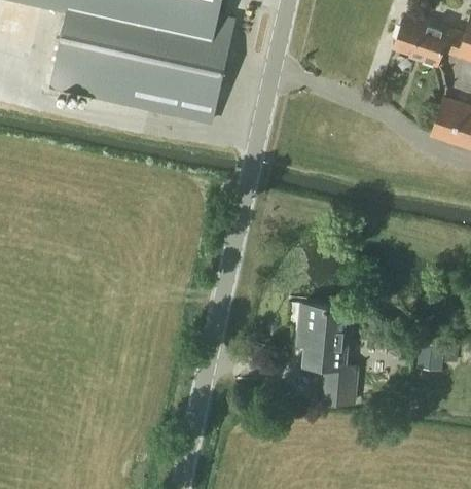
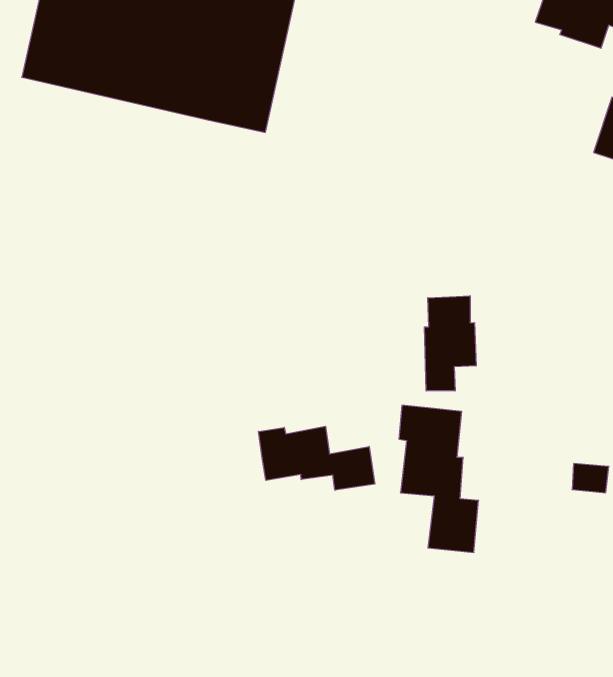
building: none -> [424,296,476,391]
building: none -> [258,426,375,490]

